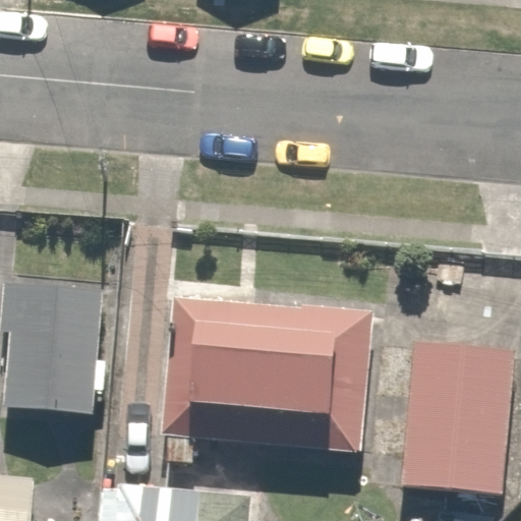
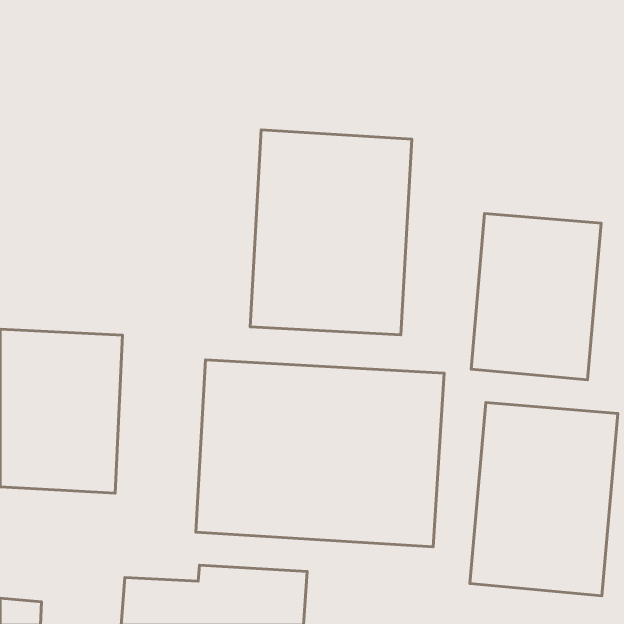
building: none -> [250,130,412,335]
building: none -> [471,214,601,380]

